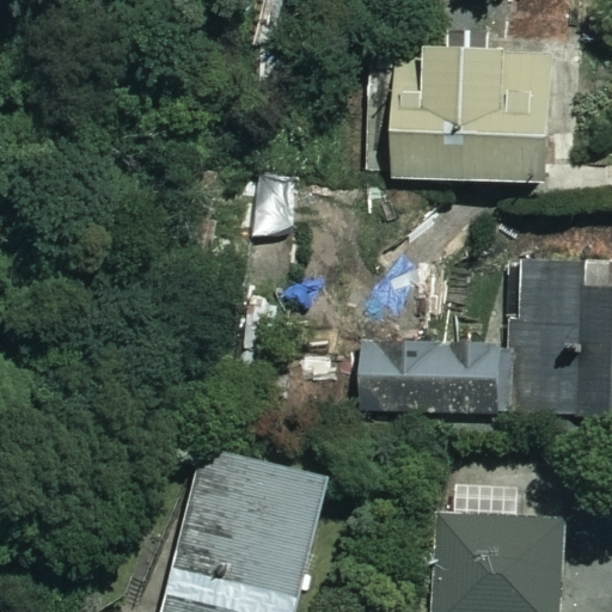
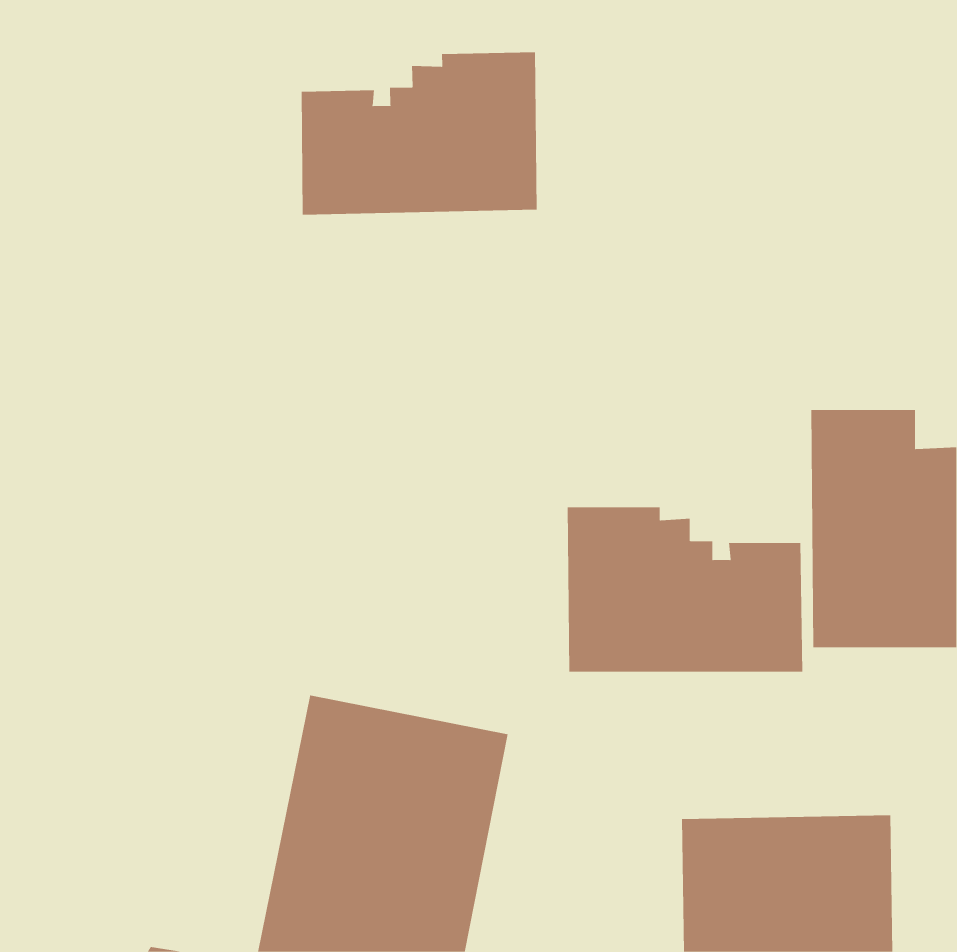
building: none -> [301,52,537,215]
building: [394,48,557,185] -> none

